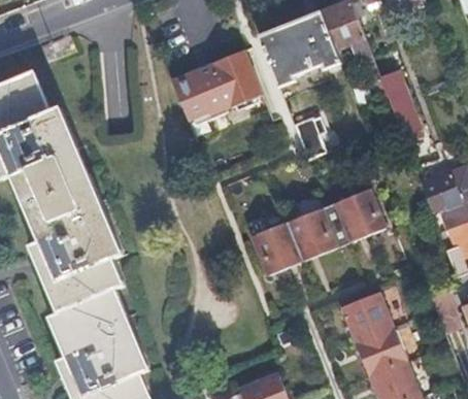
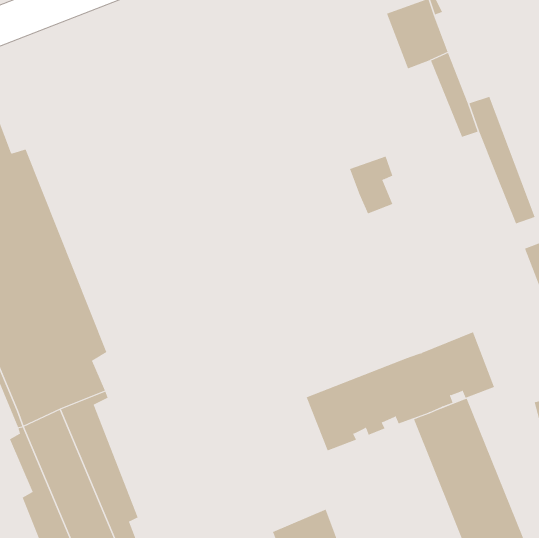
building: [261,12,341,87] -> none
building: [170,48,262,120] -> none
building: [250,188,388,274] -> [306,332,495,451]

